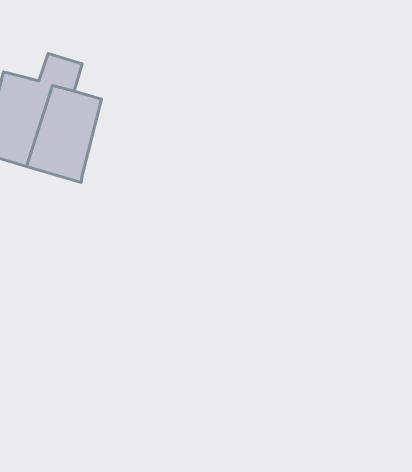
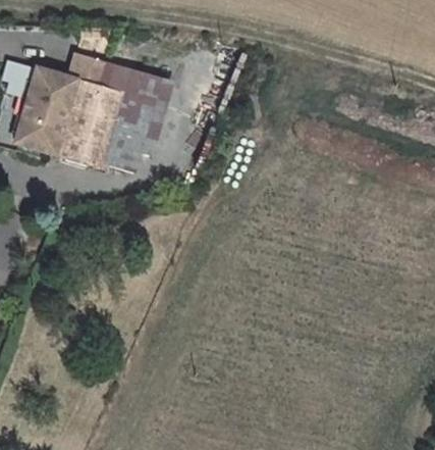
building: none -> [97,61,169,170]

